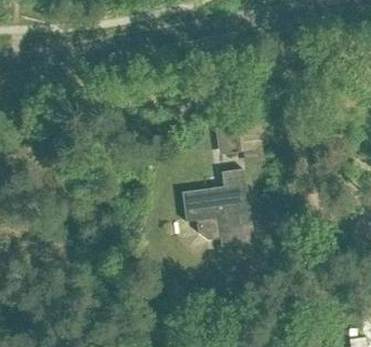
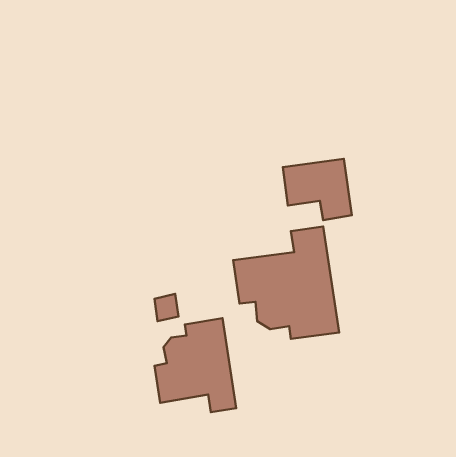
building: none -> [154,318,236,412]

